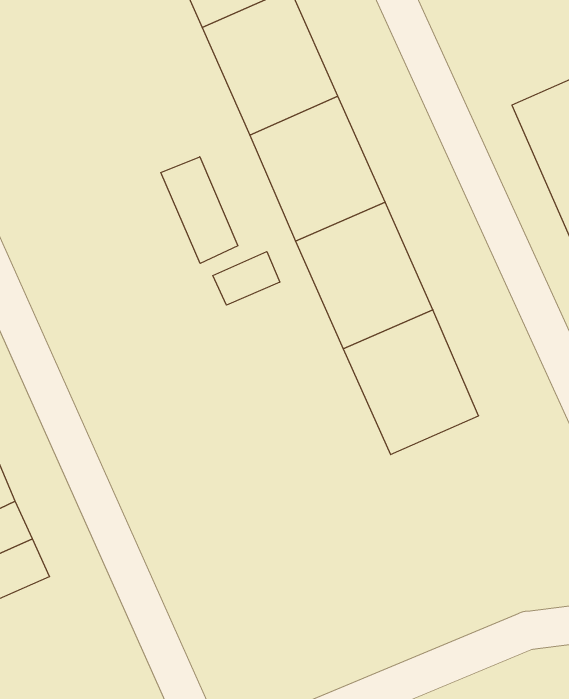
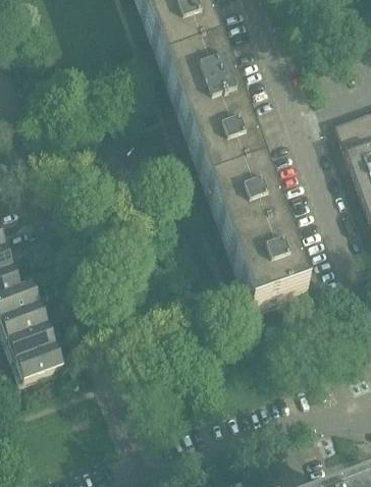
building: [161,157,238,263] -> none
building: [213,252,280,305] -> none

